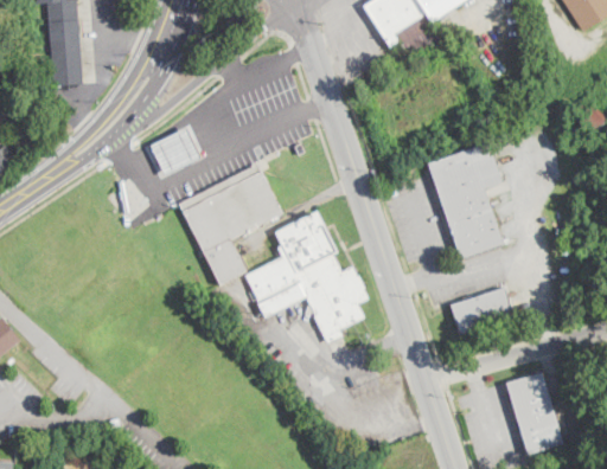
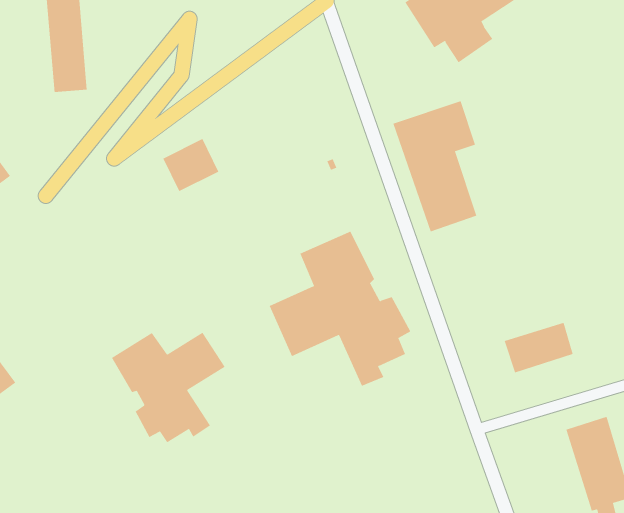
building: [428,142,503,258] -> [393,101,477,232]
building: [180,161,282,282] -> none
building: none -> [111,332,226,443]

